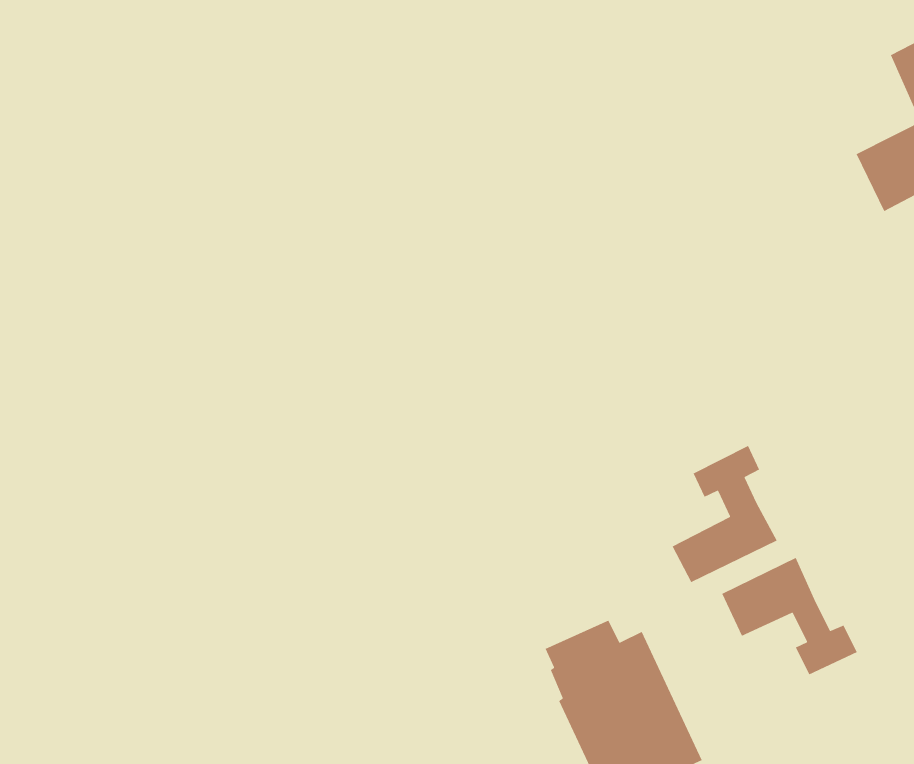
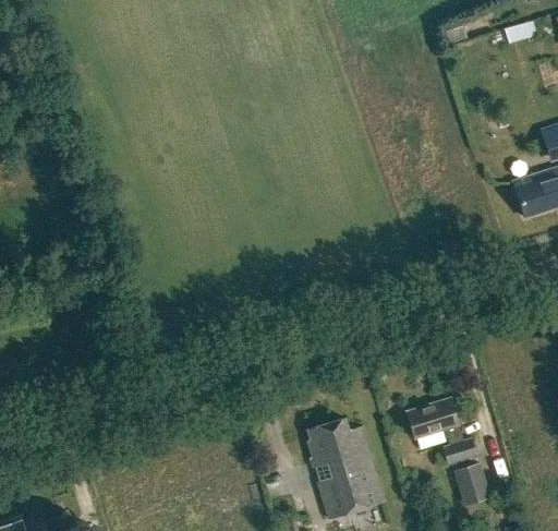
building: [671,445,778,583] -> none
building: none -> [453,464,489,506]

